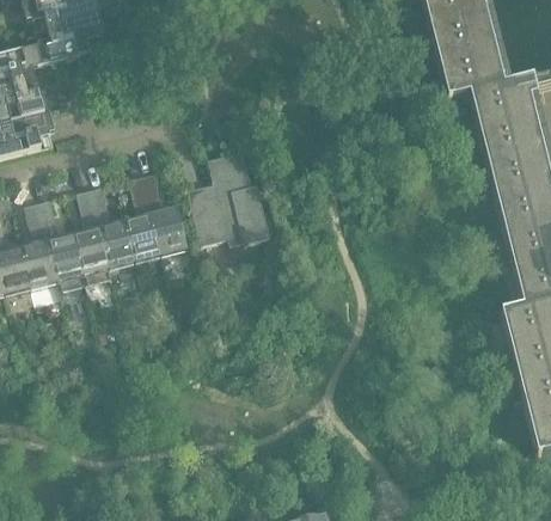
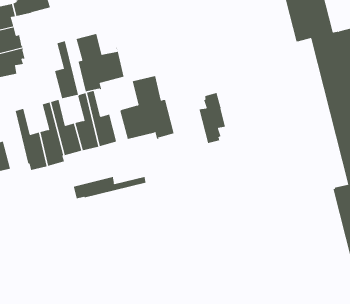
building: none -> [76,33,124,92]
building: none -> [199,92,226,144]
building: [23,201,59,286] -> [54,41,79,99]
building: none -> [73,176,146,199]

